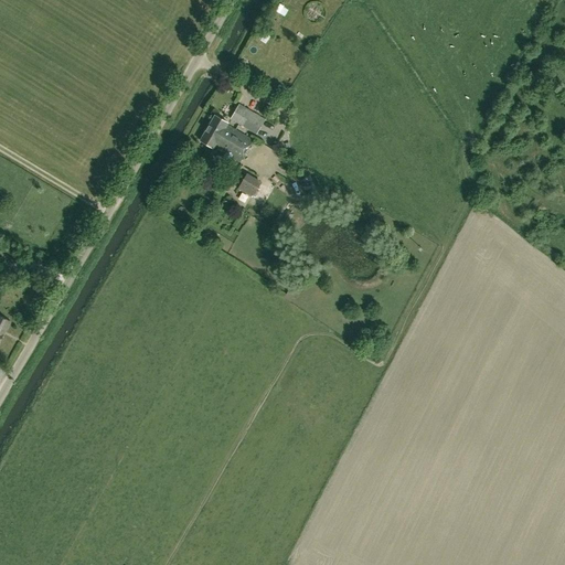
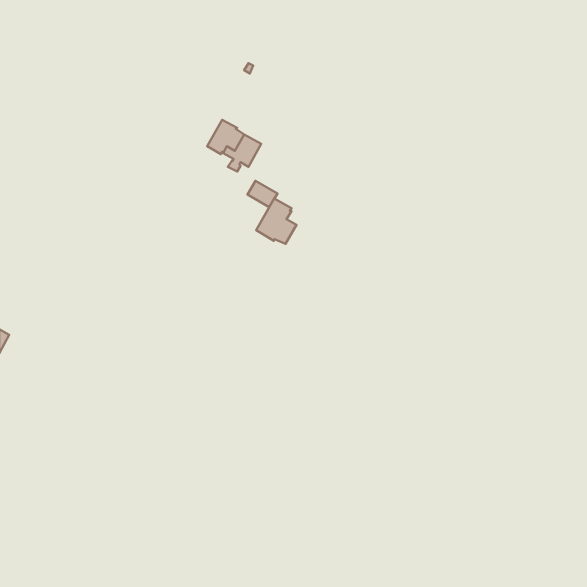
building: [230,104,264,134] -> none
building: none -> [256,199,296,244]

